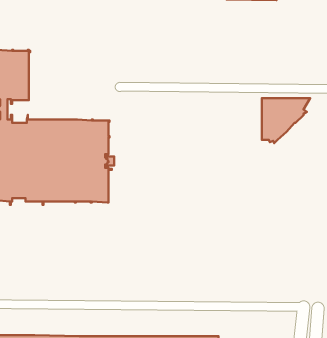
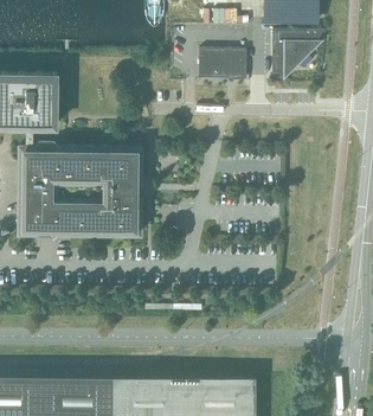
building: none -> [199,52,246,81]
building: [262,98,310,143] -> [272,32,323,79]

